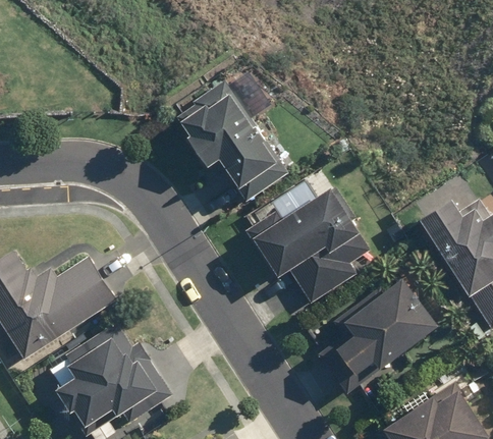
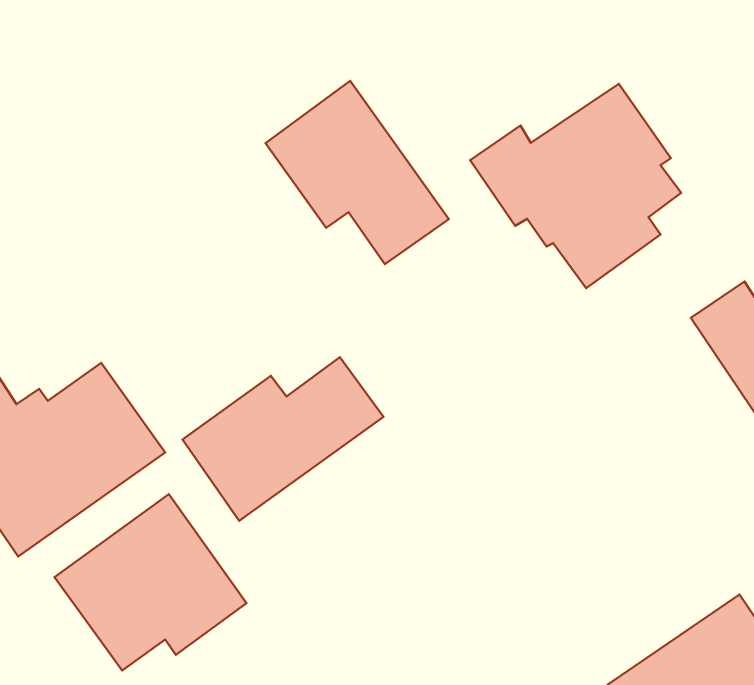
building: [244,187,369,308] -> [470,84,681,288]
building: none -> [182,357,384,521]
building: [316,280,441,396] -> none

